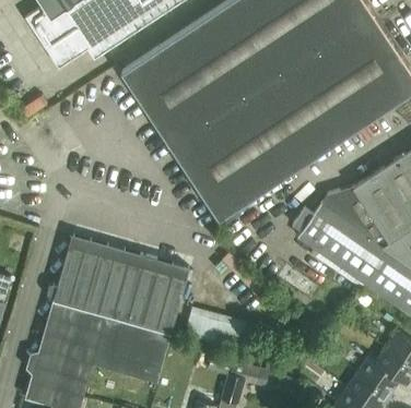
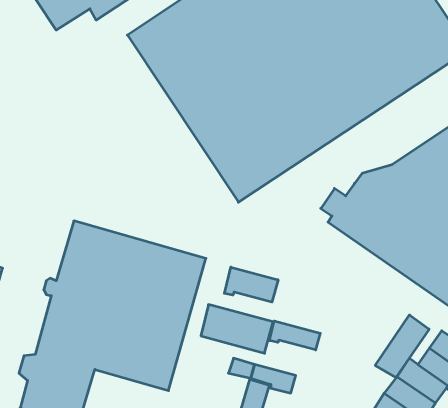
building: none -> [224,267,278,302]
building: none -> [375,315,429,378]
building: none -> [270,321,320,350]

